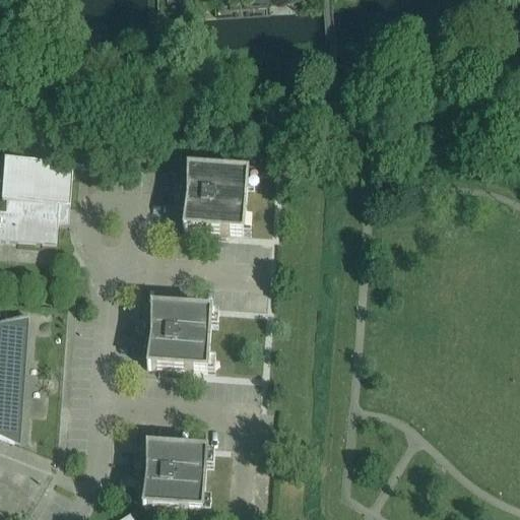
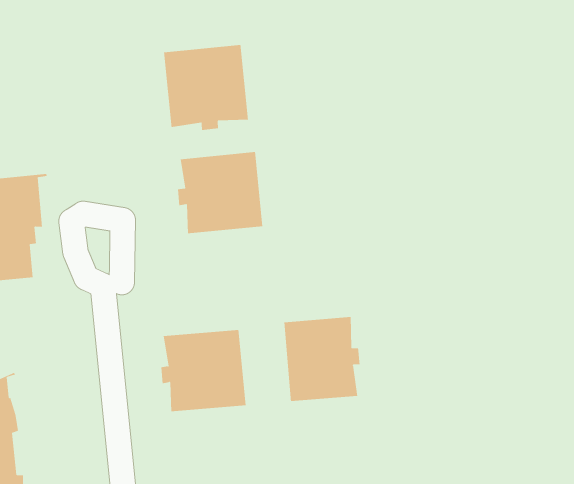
building: none -> [164,44,248,131]
building: none -> [284,316,360,402]

